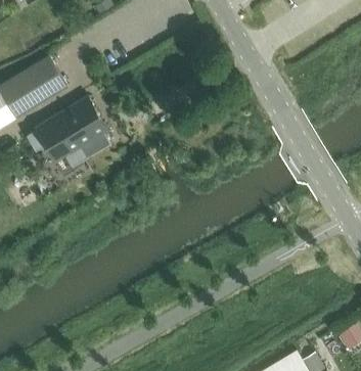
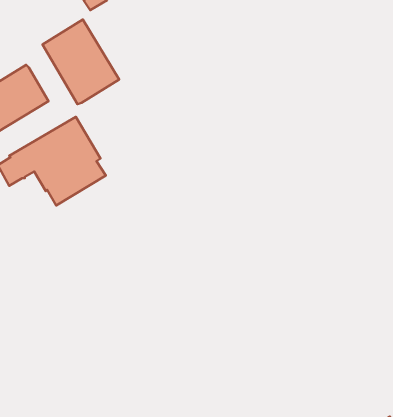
building: none -> [43,19,119,104]

